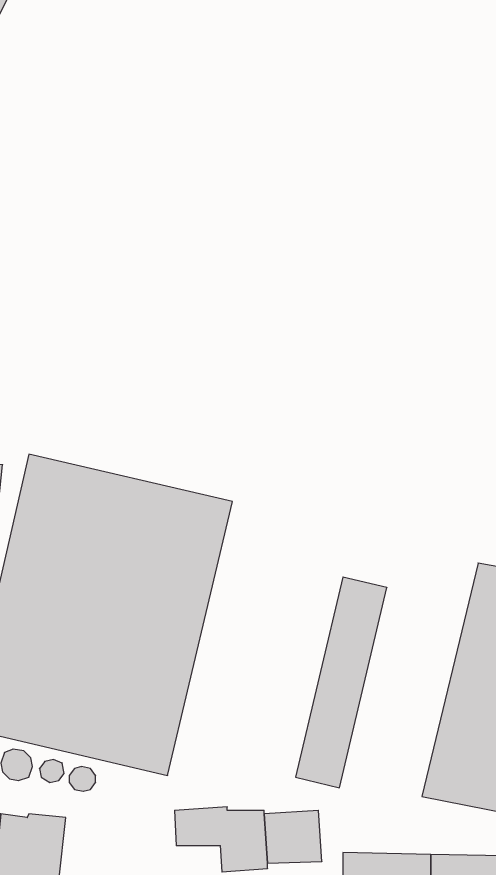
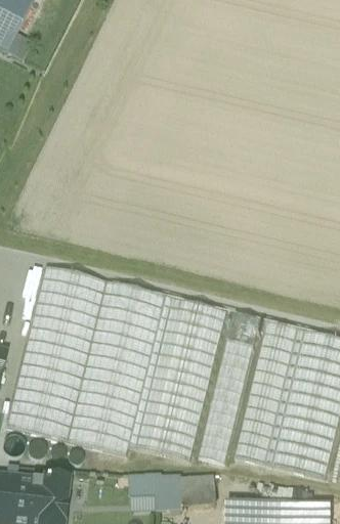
building: none -> [135,297,227,460]
building: none -> [228,312,260,345]
building: none -> [235,319,301,465]

